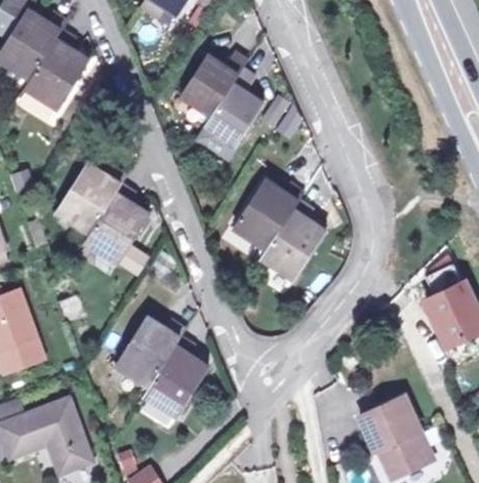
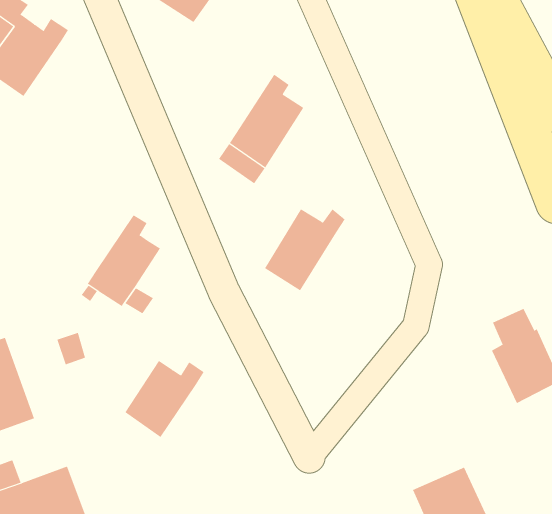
building: [26,38,88,116] -> none
building: [182,47,249,117] -> none
building: [58,161,130,233] -> none
building: [258,201,324,285] -> none
building: [137,330,202,410] -> none

